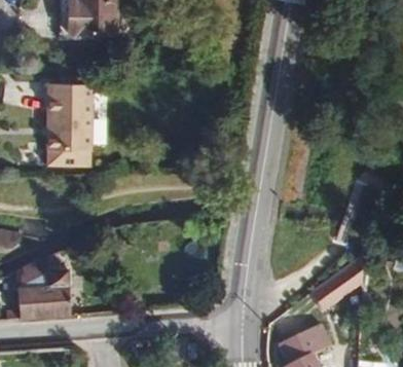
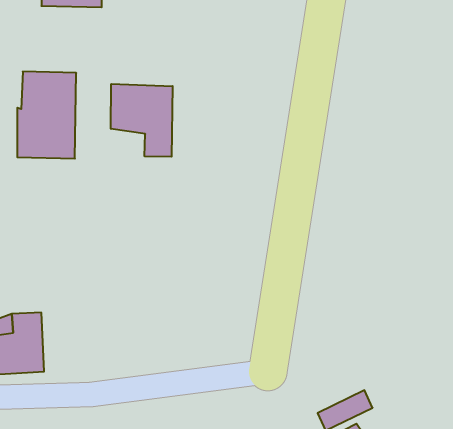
building: none -> [111,84,173,157]
building: [310,255,363,311] -> none

